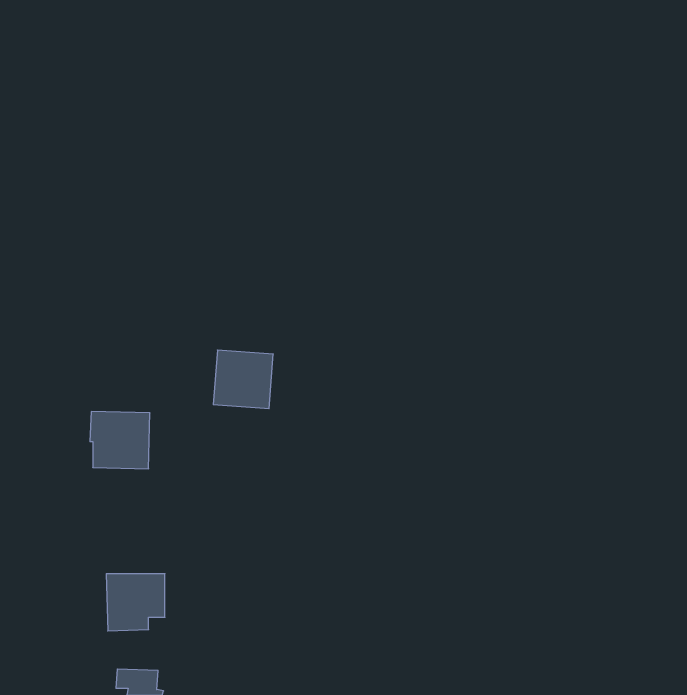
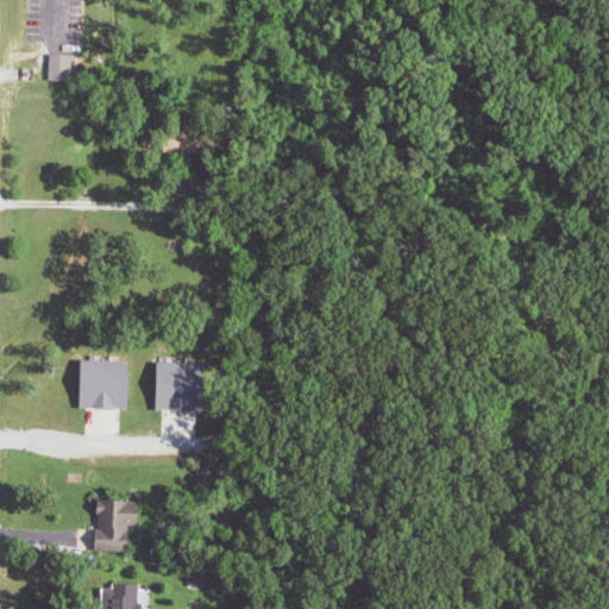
building: none -> [46,52,71,80]
building: [213,350,273,409] -> [150,360,202,412]

